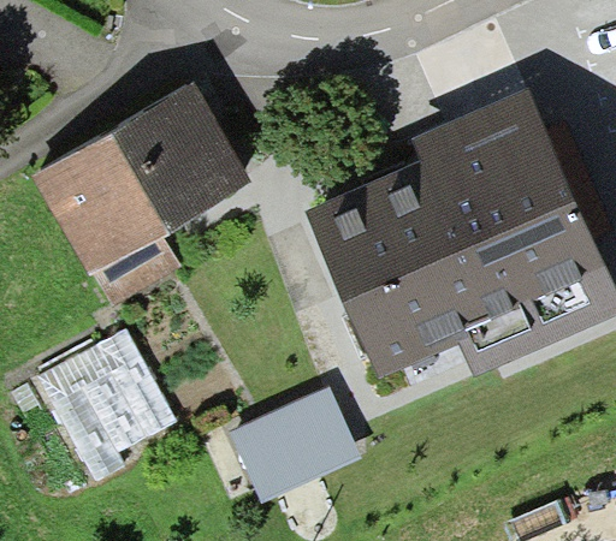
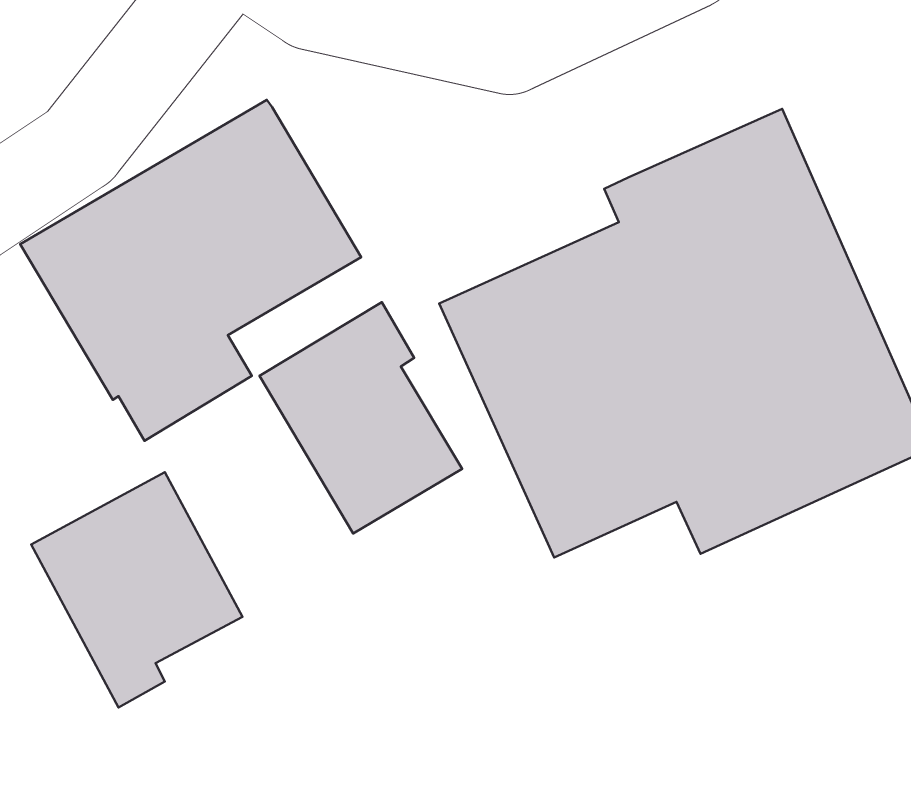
building: none -> [260,302,462,534]
building: [229,385,362,503] -> none

